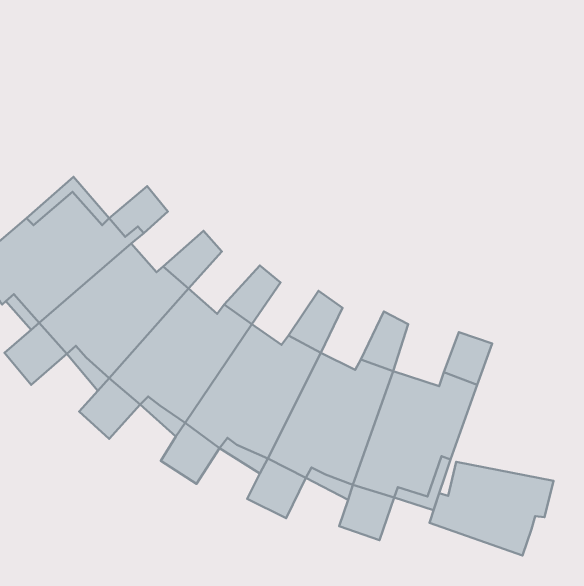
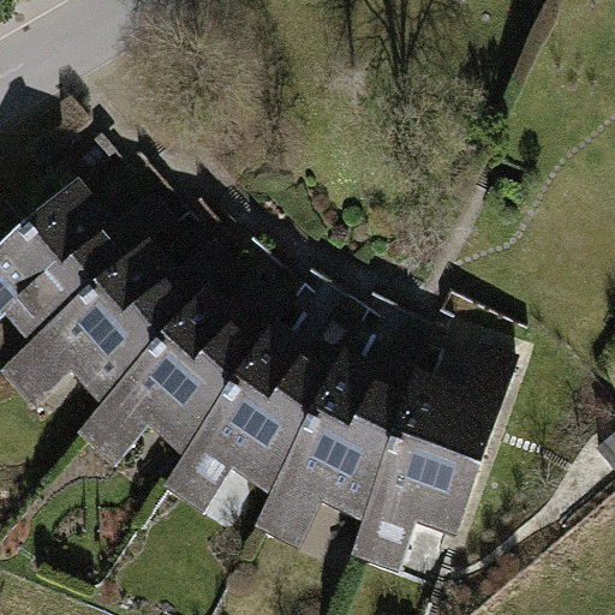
building: [429,462,553,556] -> none

